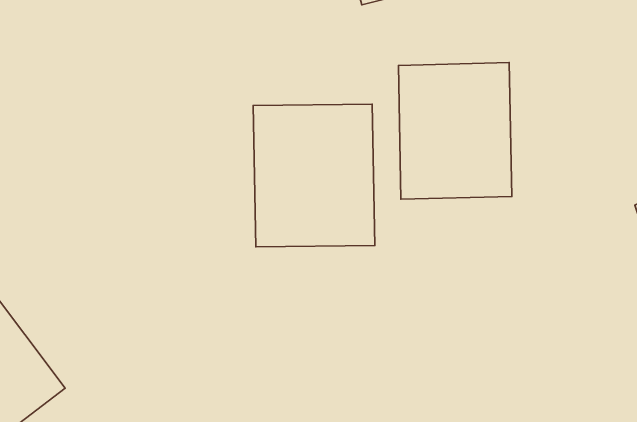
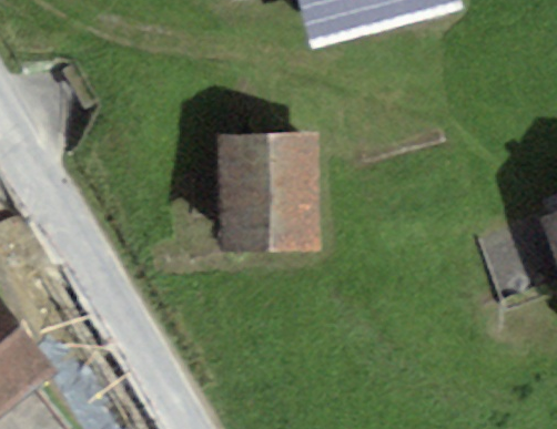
building: [398,63,512,199] -> none

